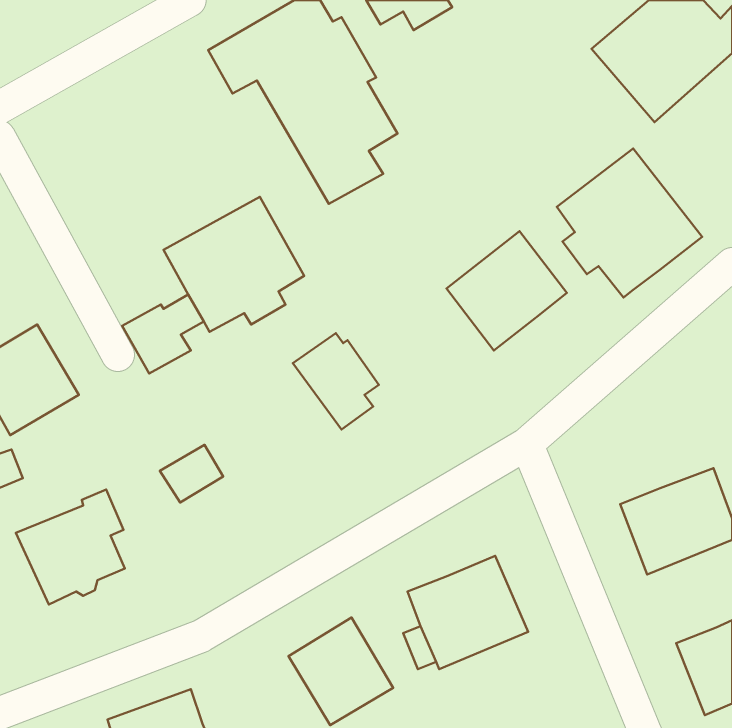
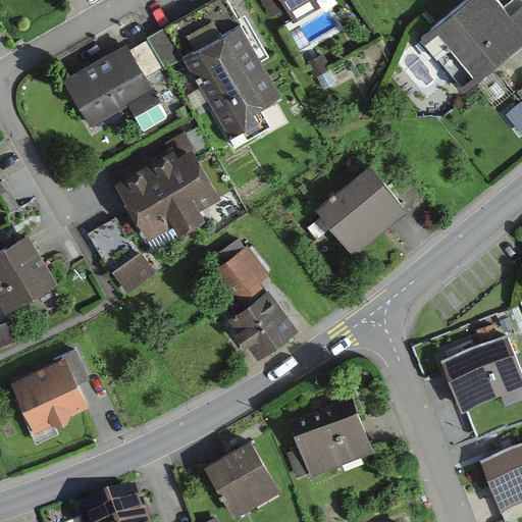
building: none -> [63,43,167,130]
building: [557,148,702,297] -> none
building: none -> [227,291,297,359]
building: [160,445,223,502] -> [110,255,155,296]

